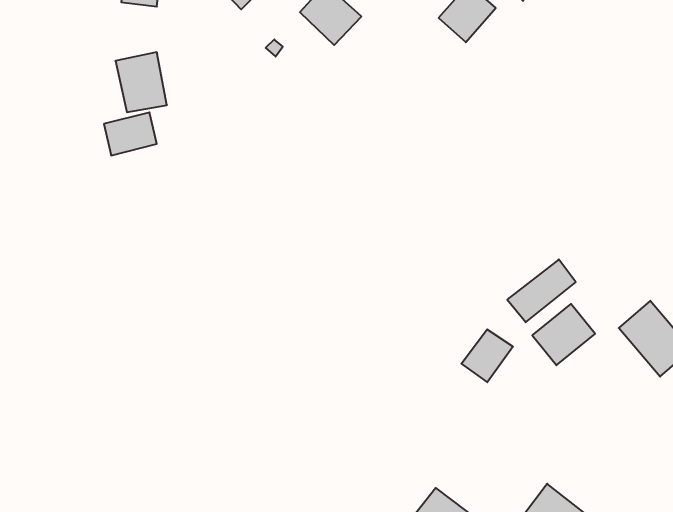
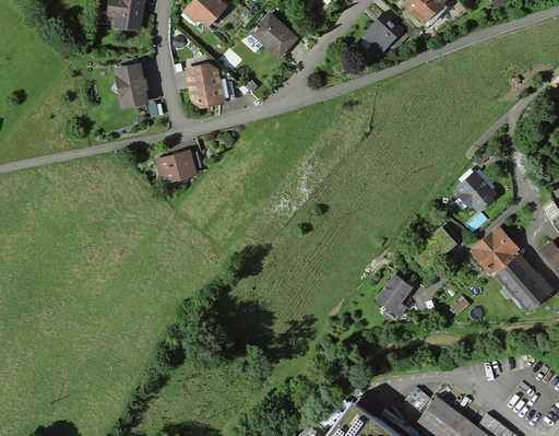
building: none -> [182,63,224,109]
building: [104,112,157,155] -> [162,149,202,181]
building: none -> [453,169,496,212]
building: [532,304,595,365] -> [468,227,516,274]

